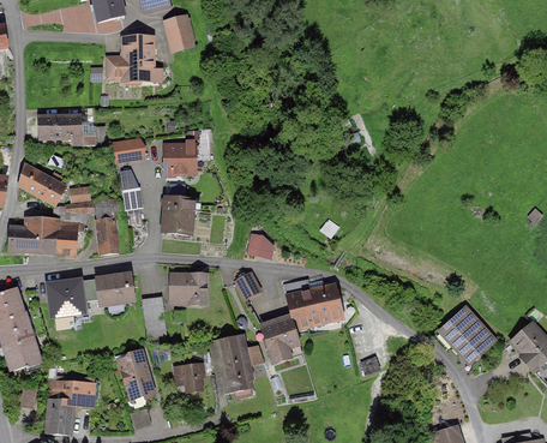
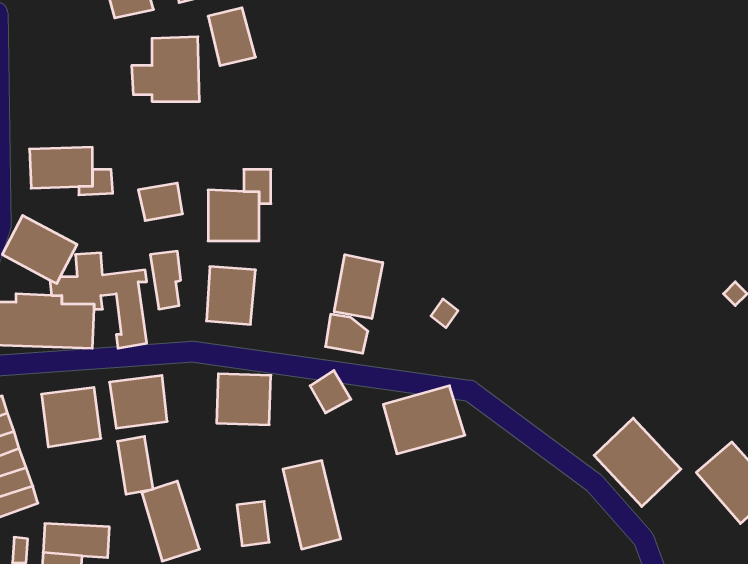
building: none -> [334,255,383,319]
building: [142,293,167,334] -> [117,436,153,494]
building: [258,313,301,365] -> none

